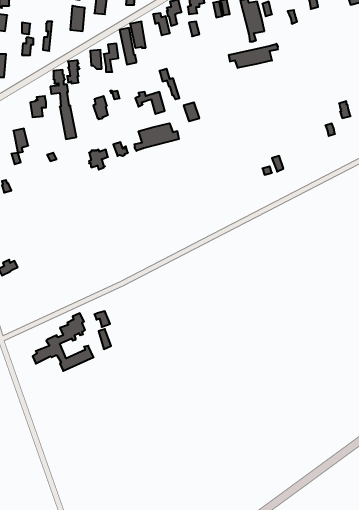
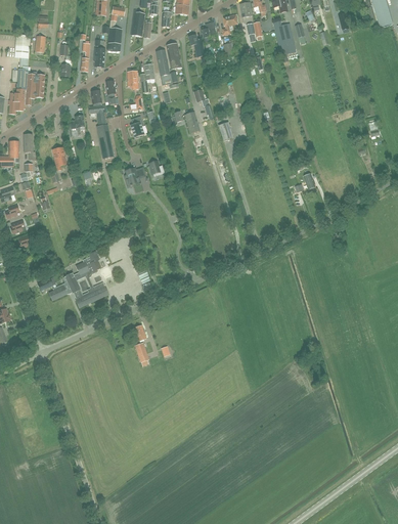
building: [229,44,278,68] -> none
building: [134,123,179,151] -> none
building: [33,313,94,371] -> [49,251,108,307]

